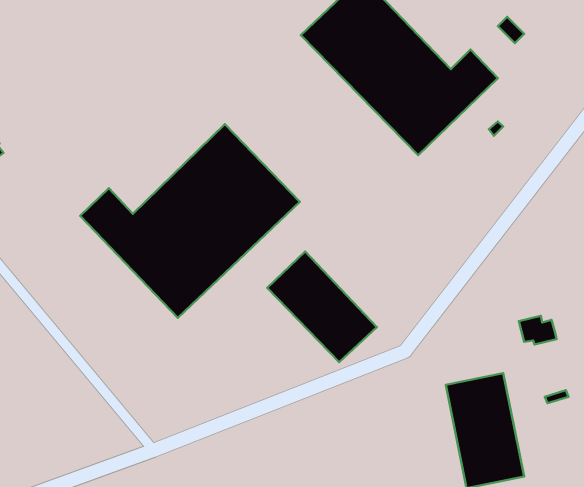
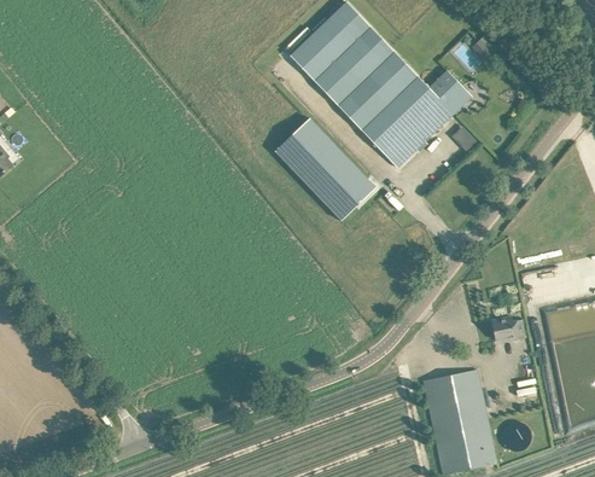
building: [80,124,300,318] -> none
building: [267,251,377,362] -> [274,117,375,220]

